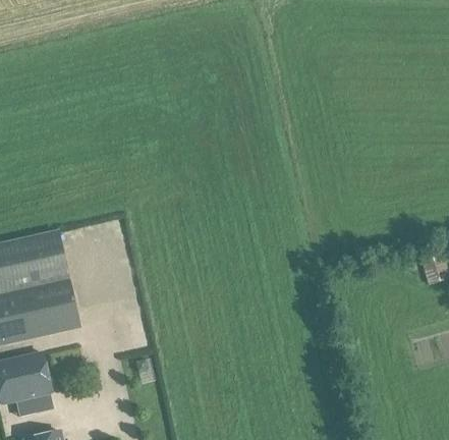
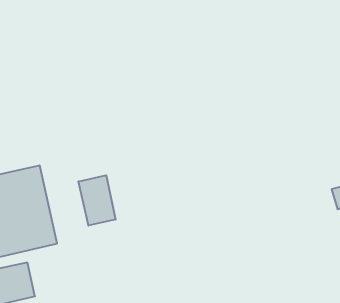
building: none -> [78,175,116,226]

